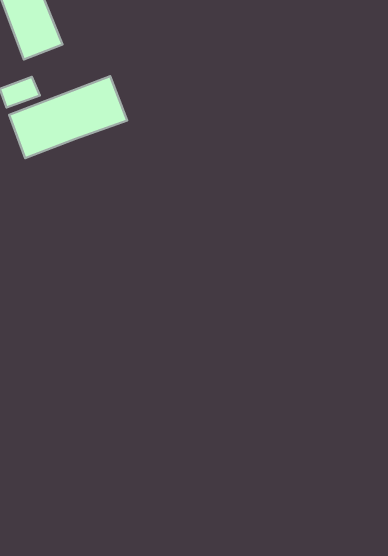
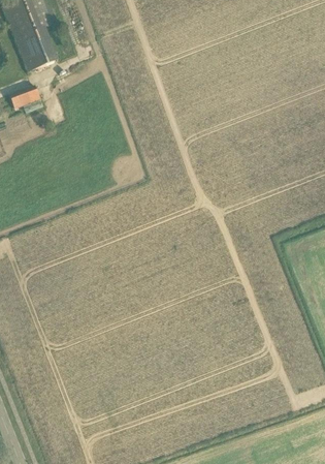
building: [9,76,127,158] -> none

